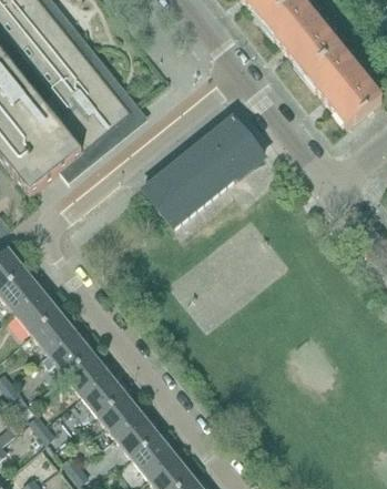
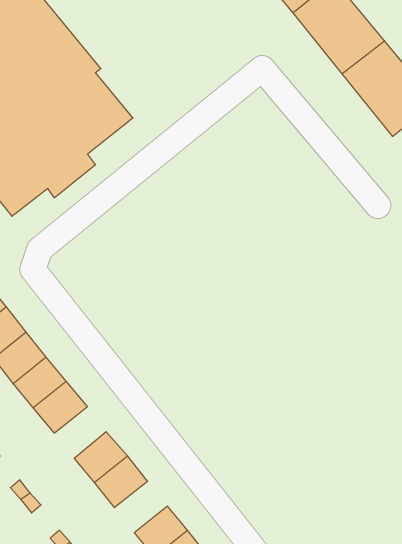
building: [143,118,264,227] -> none
building: [65,353,109,396] -> none
building: [115,415,160,458] -> none

